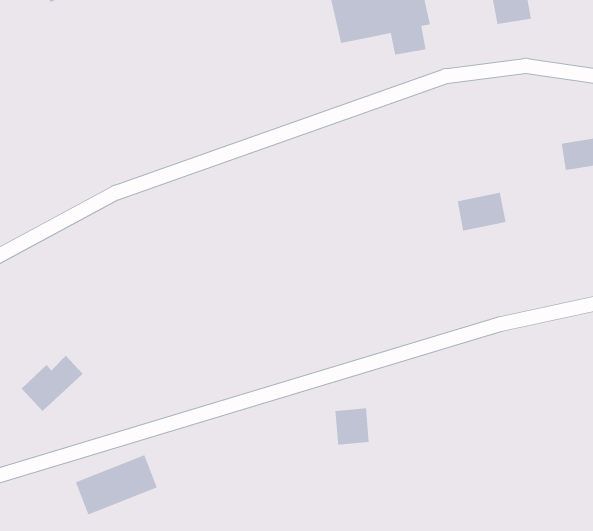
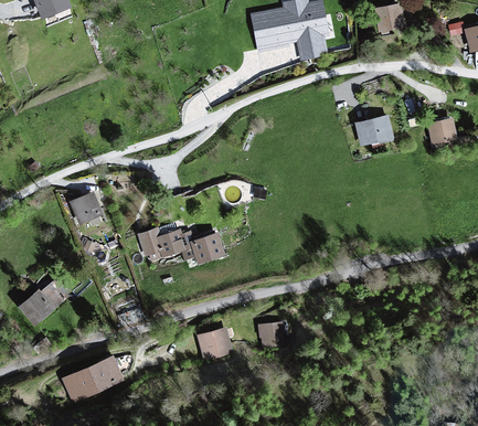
building: [457,192,506,231] -> [355,116,393,146]
building: none -> [70,192,104,224]
building: none -> [137,226,224,265]
building: none -> [195,329,231,361]

